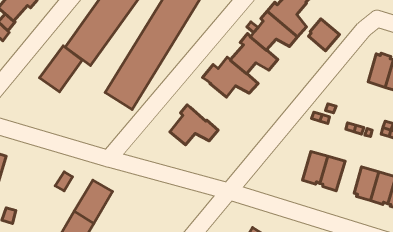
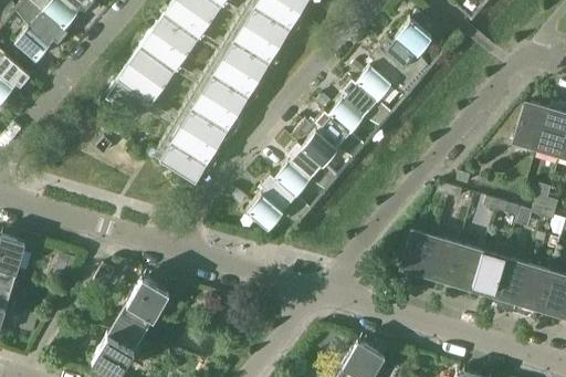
building: [308,19,339,51] -> none
building: [40,46,82,92] -> none
building: none -> [274,143,338,197]
building: none -> [402,230,437,276]
building: none -> [471,251,505,295]

